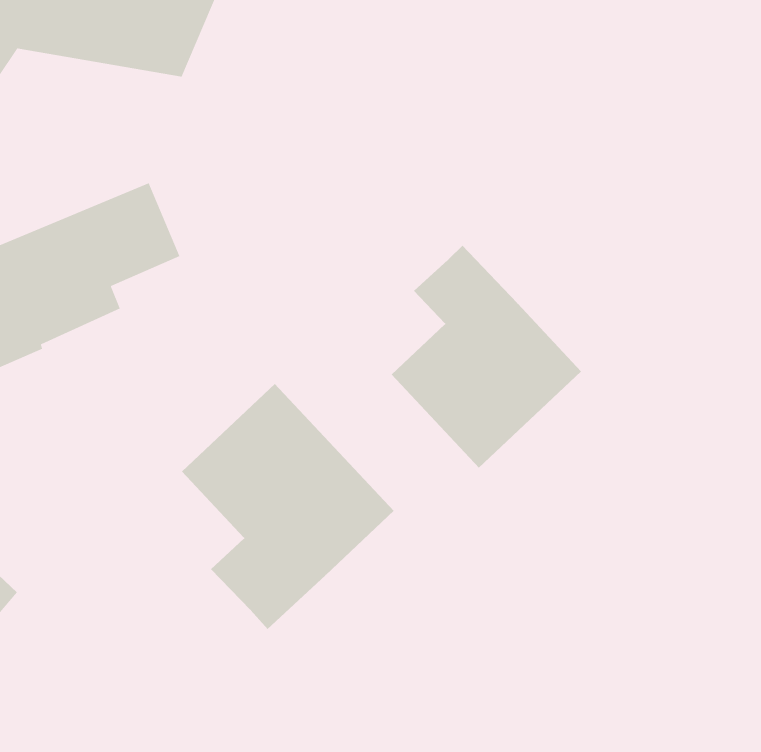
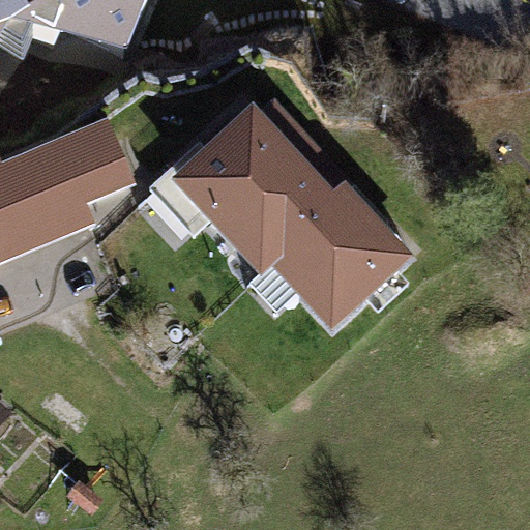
building: none -> [180,117,311,269]
building: [181,383,394,630] -> none

